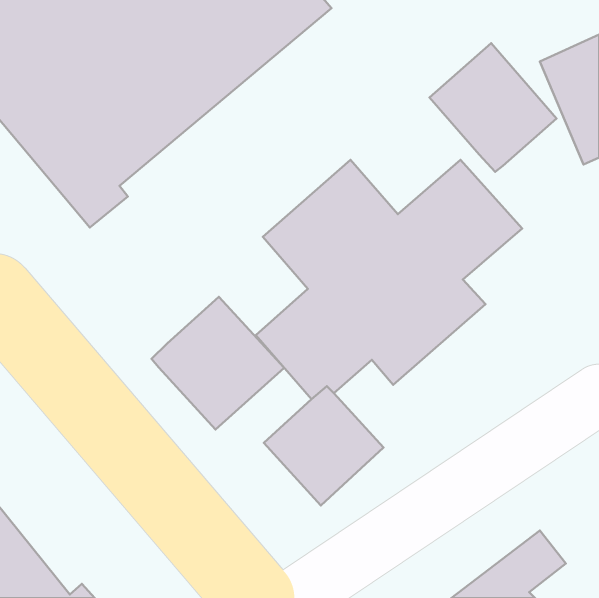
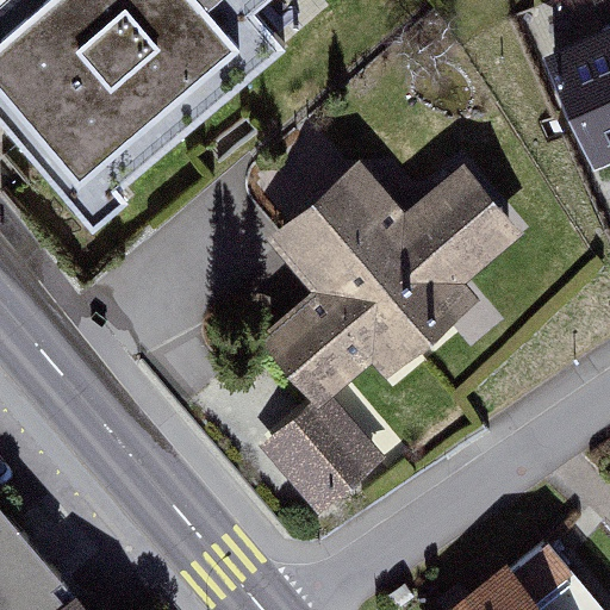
building: [430,43,557,172] -> none
building: [152,297,284,430] -> none

